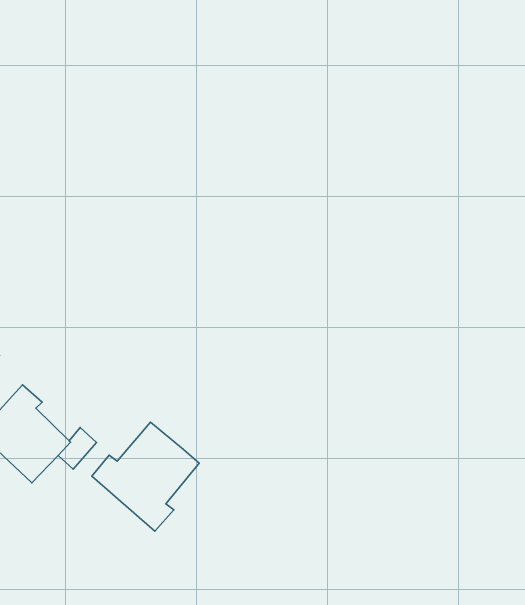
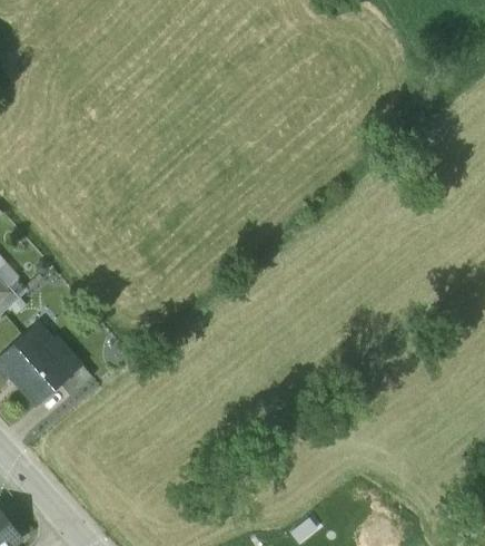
building: [92,422,199,531] -> none

